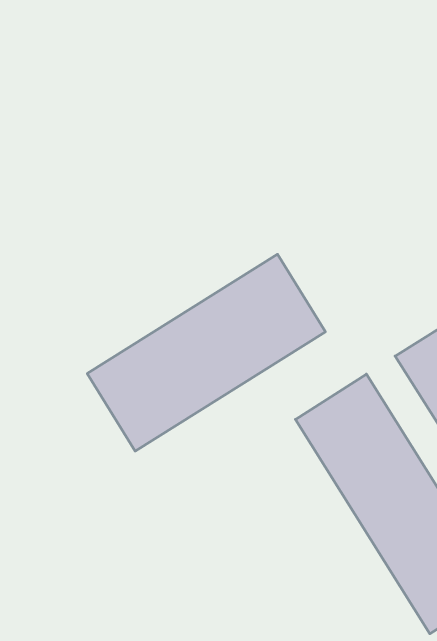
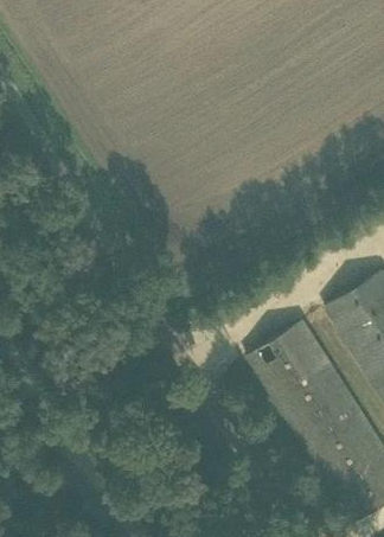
building: [87,254,325,451] -> none

